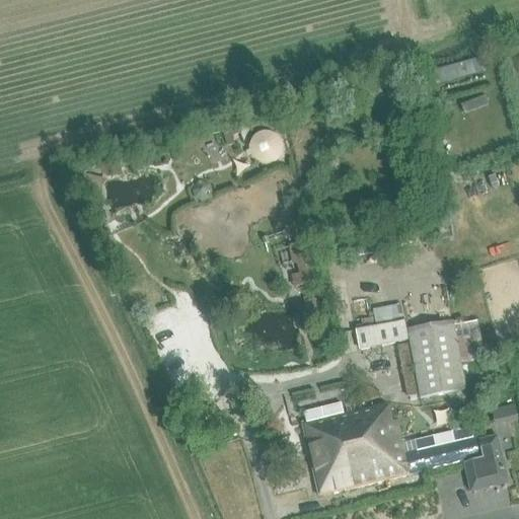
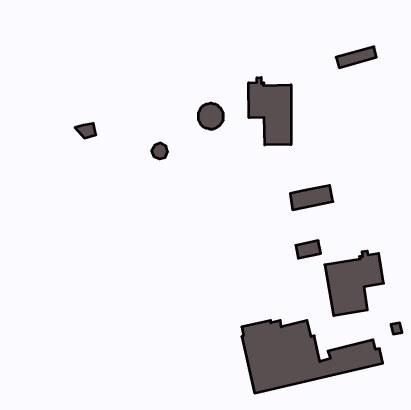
building: none -> [249,77,291,145]
building: [356,318,410,349] -> [290,185,333,210]
building: [465,434,507,490] -> none

